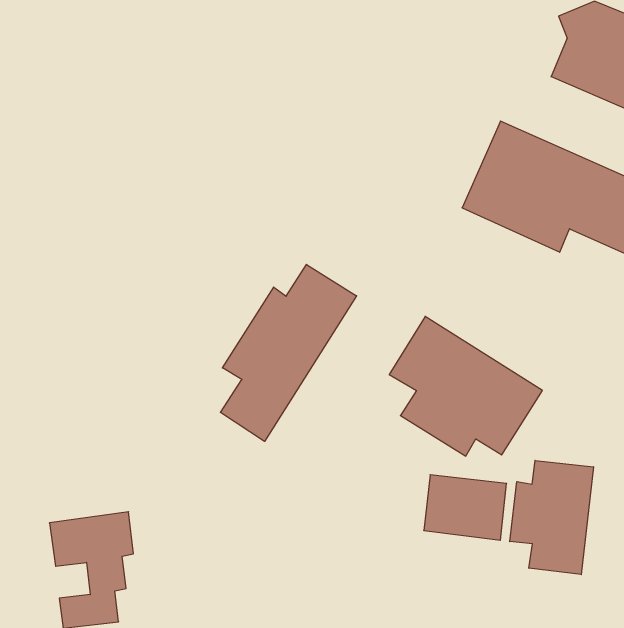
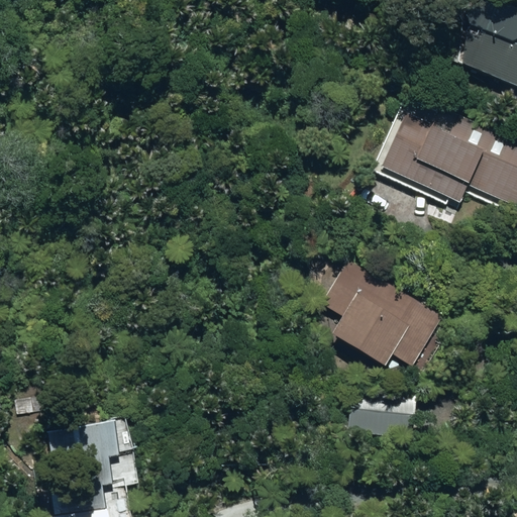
building: [220,264,357,441] -> none
building: [510,460,593,575] -> none

